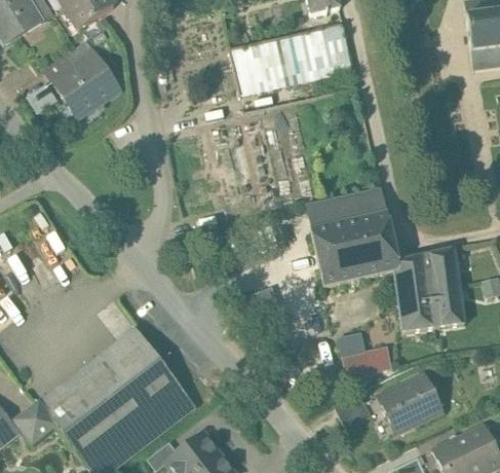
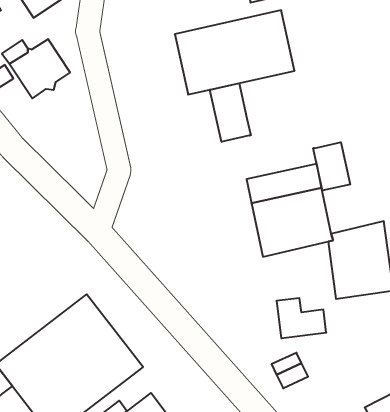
building: none -> [210,83,251,142]
building: none -> [313,142,350,191]
building: [377,371,444,434] -> none

